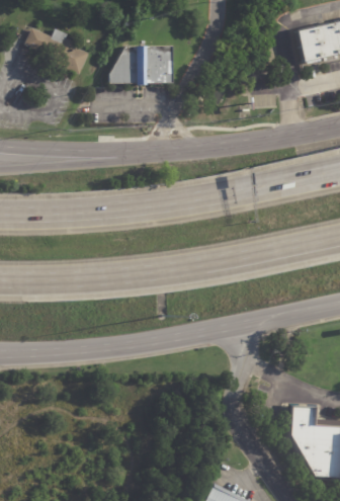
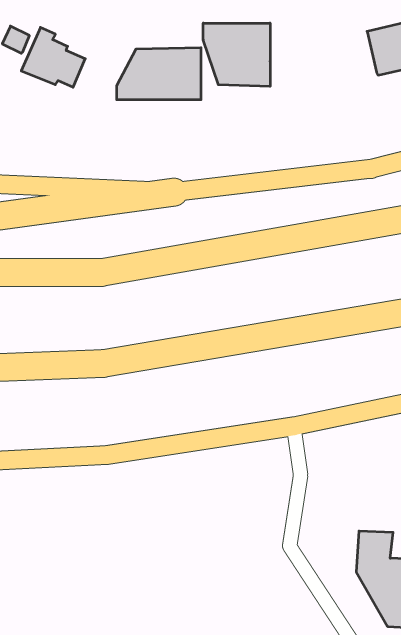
building: none -> [203,23,270,86]

